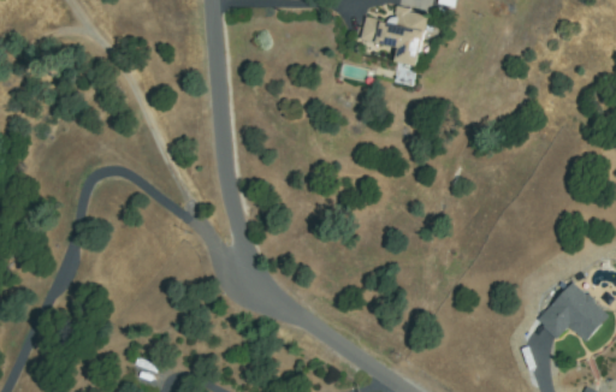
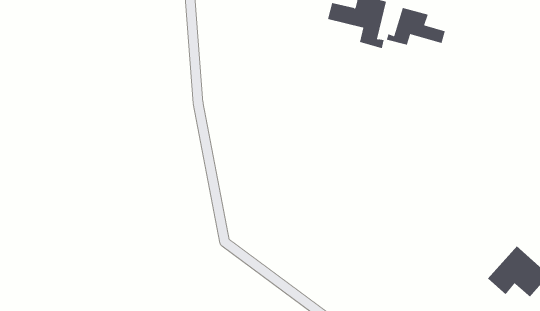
building: none -> [386,7,445,46]

